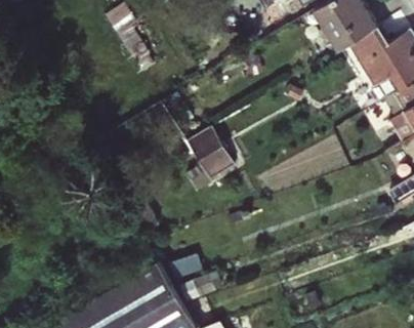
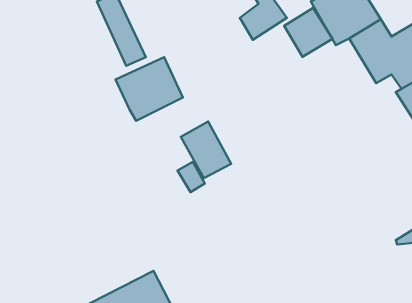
building: none -> [284,8,332,57]
building: none -> [115,57,183,121]

